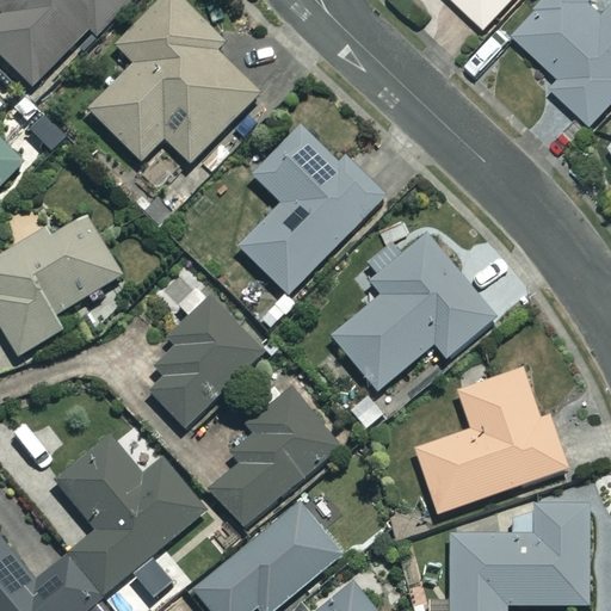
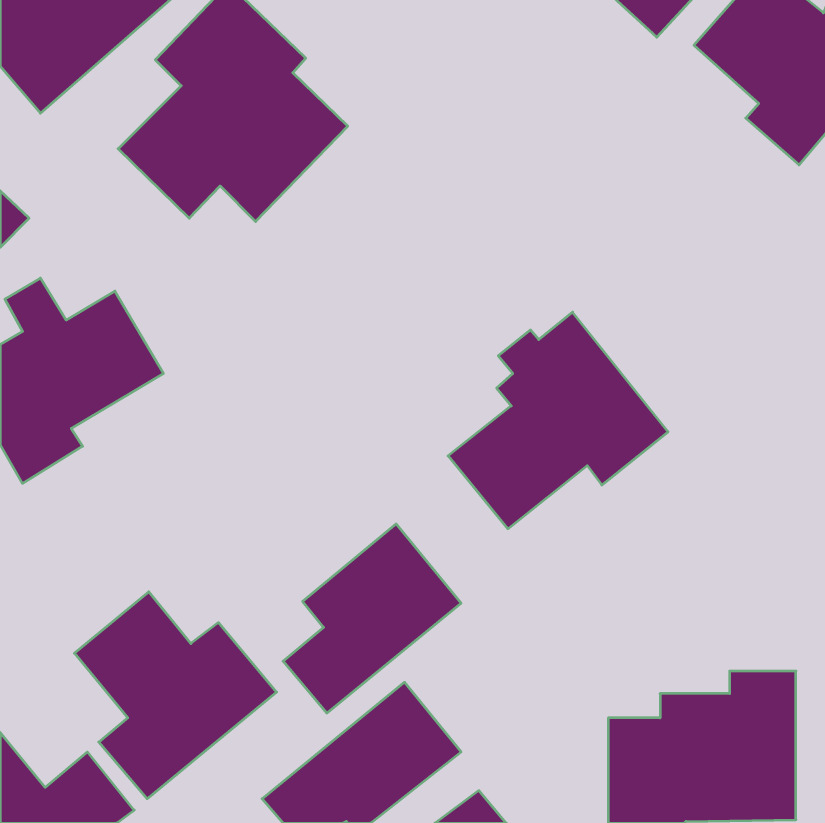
building: [236,125,378,295] -> none
building: [149,297,265,430] -> none
building: [415,370,566,513] -> none

